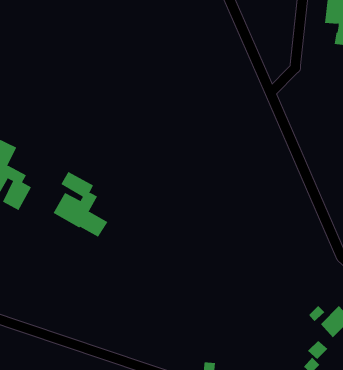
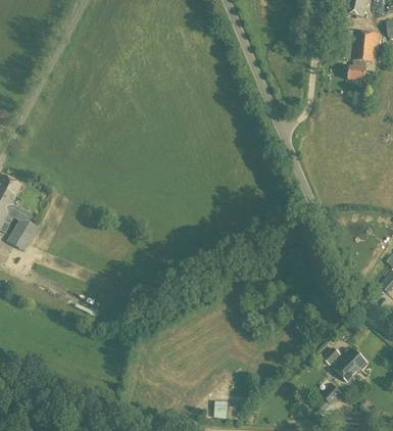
building: [53,171,108,238] -> none

